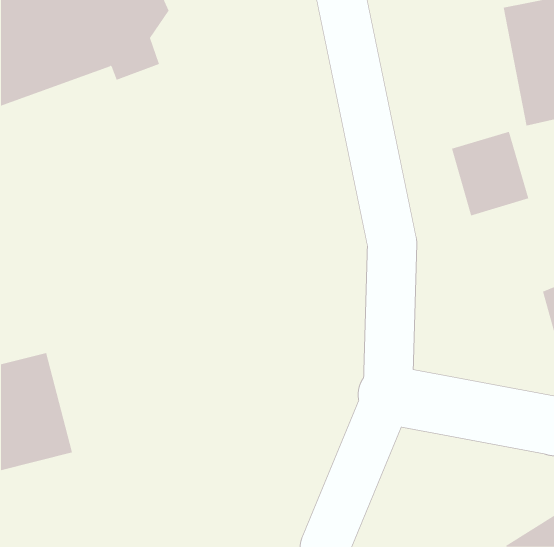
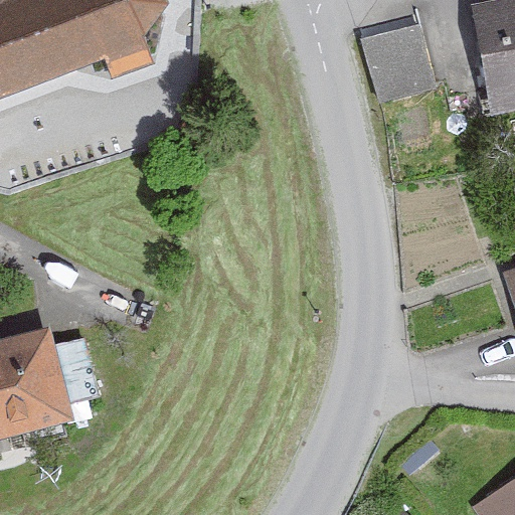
building: [451,131,529,216] -> [363,23,436,102]

